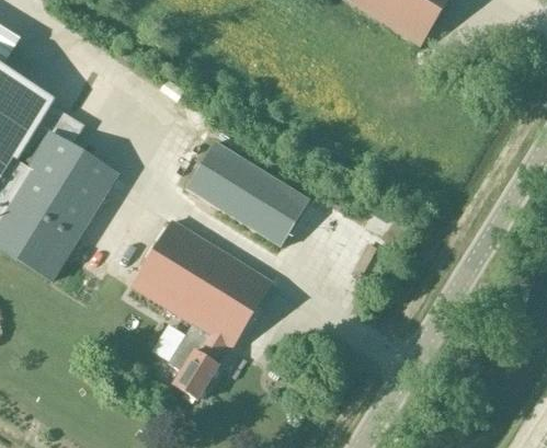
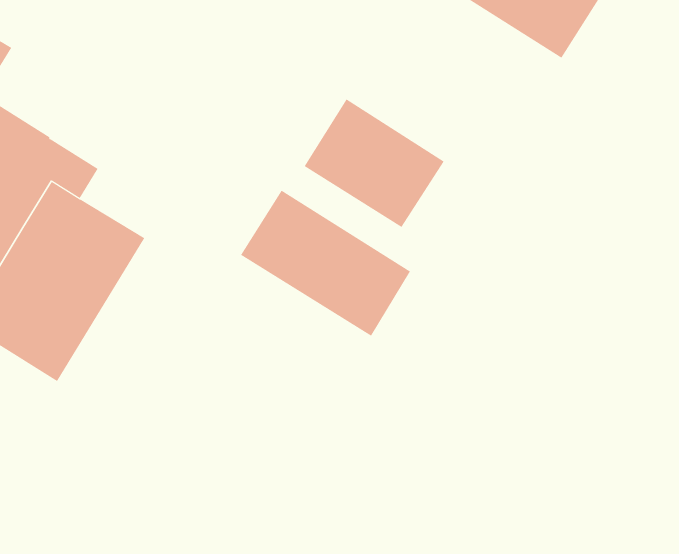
building: none -> [304,99,445,228]
building: [130,219,272,399] -> none

